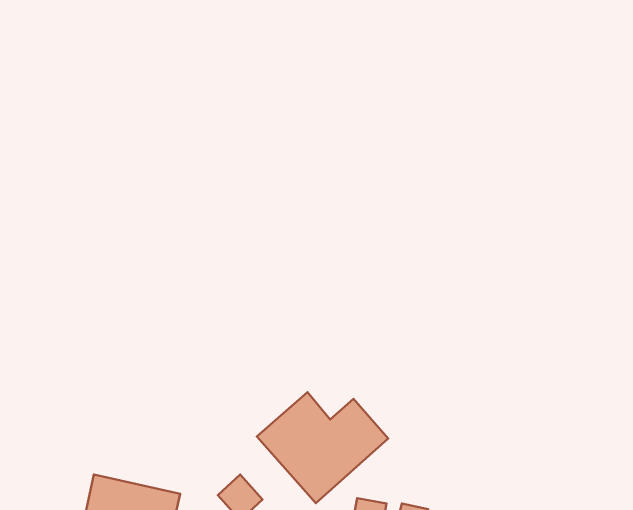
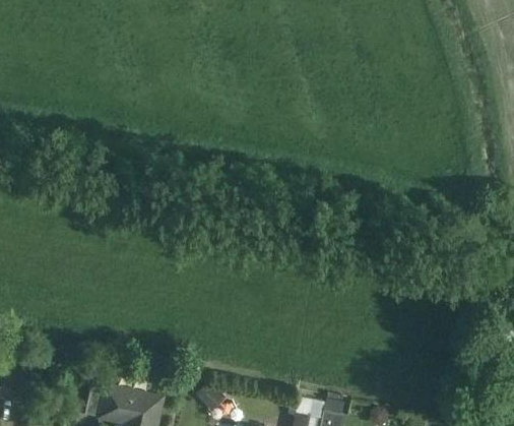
building: [257,392,388,503] -> none

